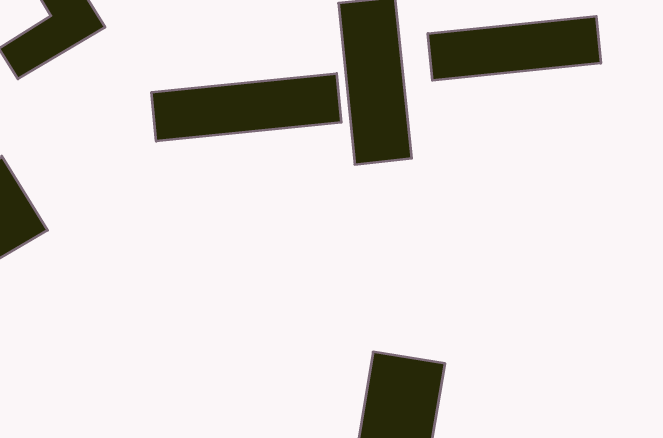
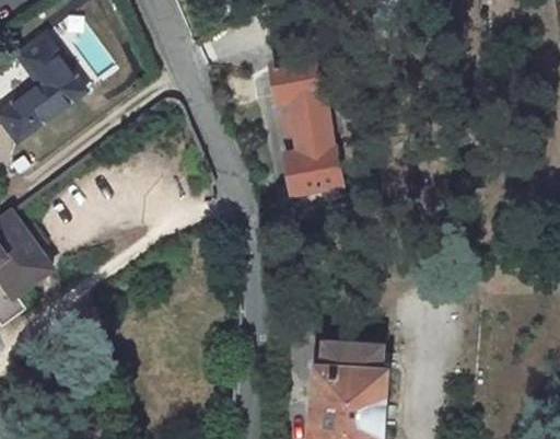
building: [428,16,601,80] -> none
building: [152,73,341,141] -> none

